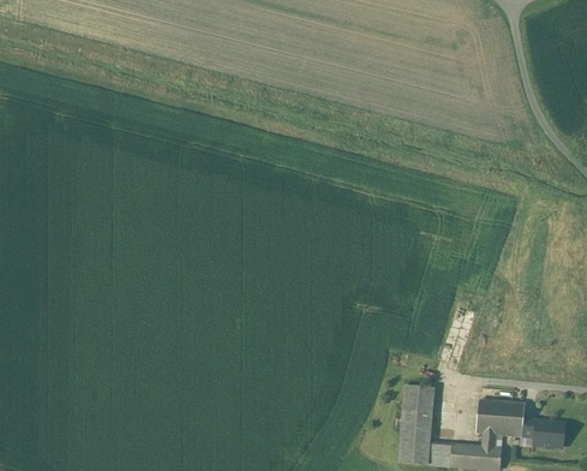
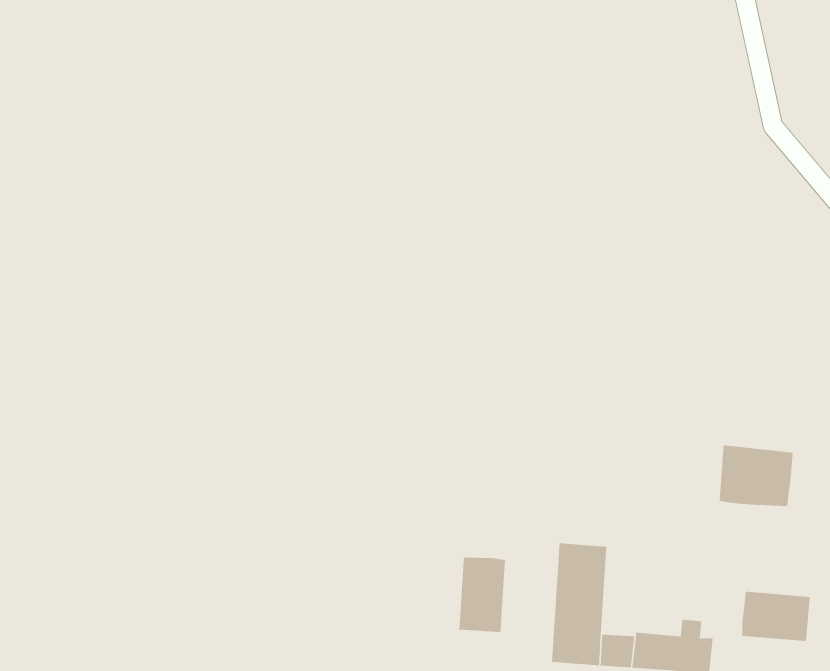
building: none -> [459,557,505,633]
building: [477,397,525,436] -> [719,445,794,507]

